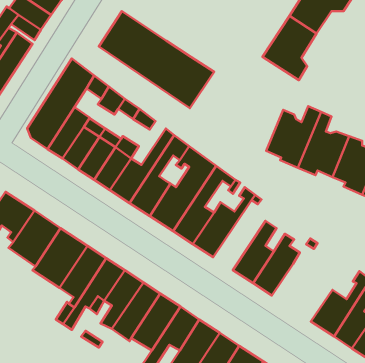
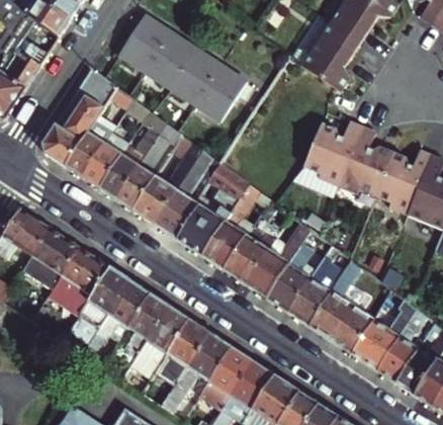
building: none -> [247,222,313,296]
building: none -> [311,289,376,352]

